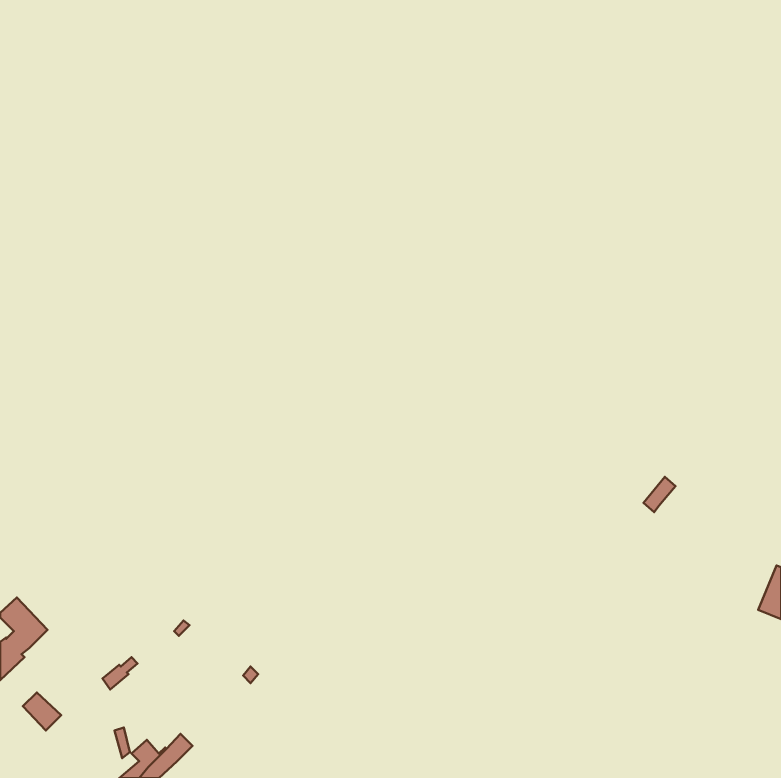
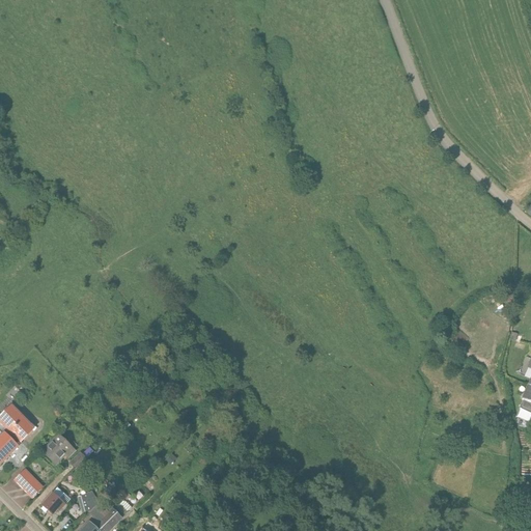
building: none -> [43,434,76,463]
building: none -> [41,486,69,513]

